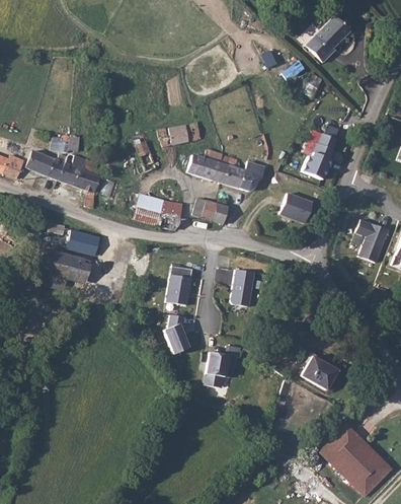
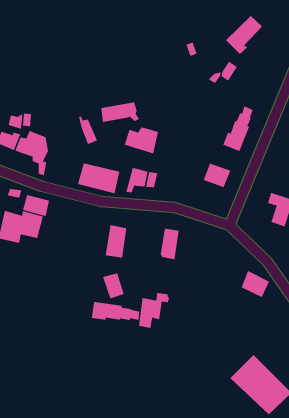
building: [223,156,267,191] -> none
building: none -> [91,301,140,321]
building: [303,358,337,390] -> [241,270,270,298]

